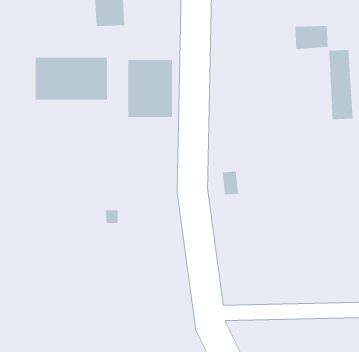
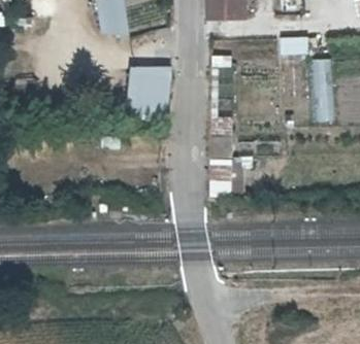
building: [35,57,108,100] -> none

